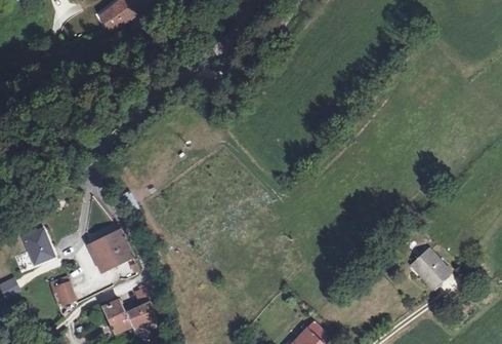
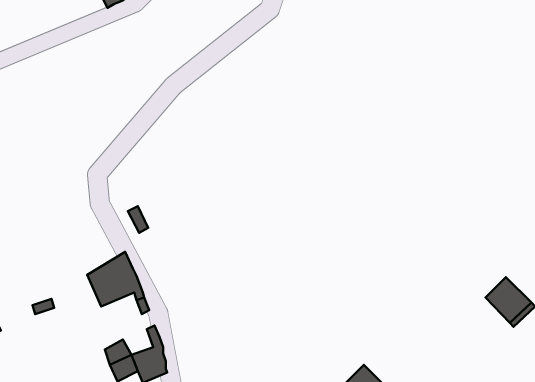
building: [26,228,54,263] -> none
building: [50,276,75,304] -> none

